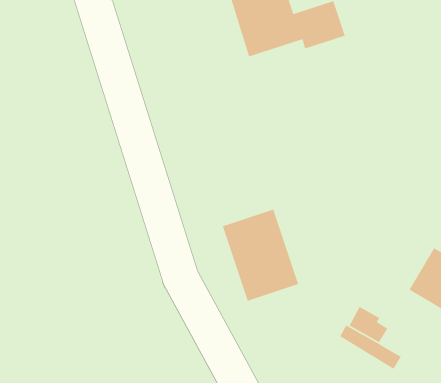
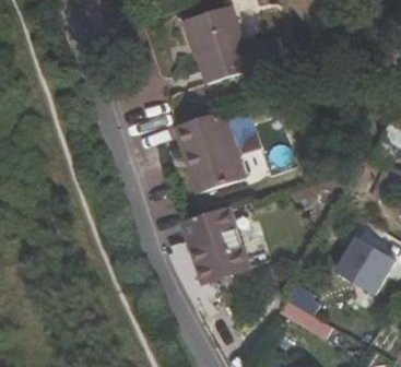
building: none -> [175,110,244,194]

